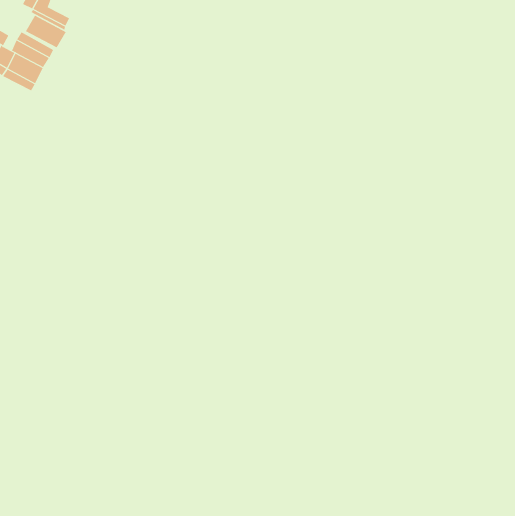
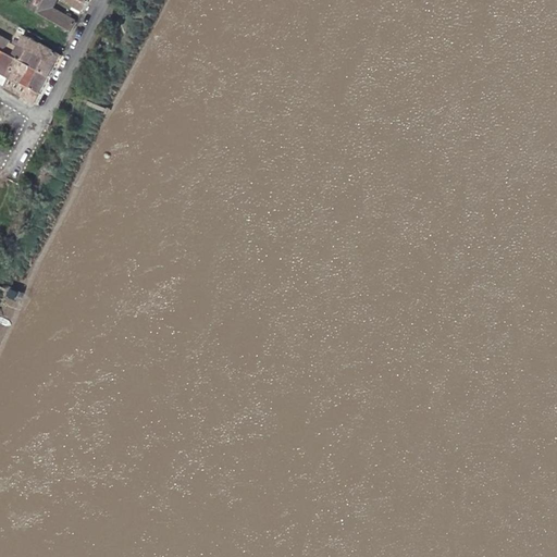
building: [25,15,66,48] -> none

